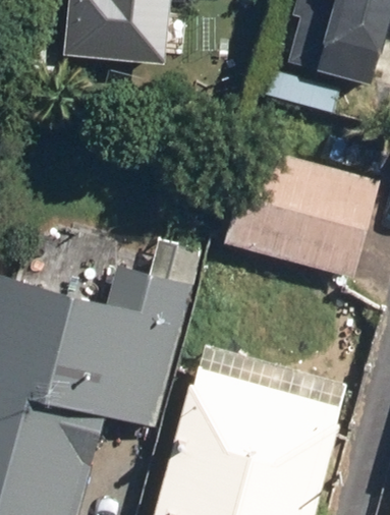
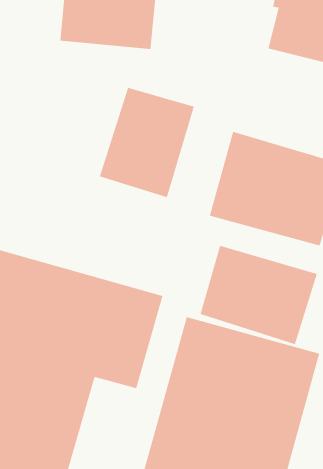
building: none -> [99,87,195,198]
building: none -> [199,245,318,345]

